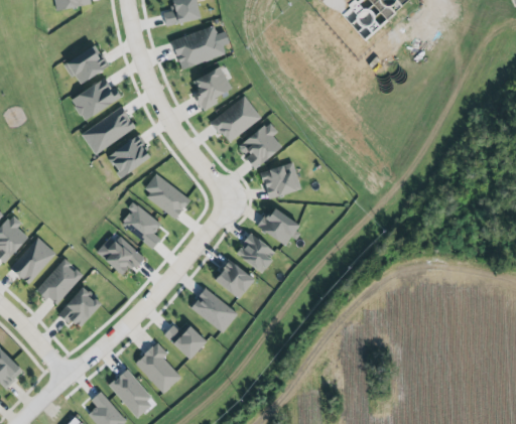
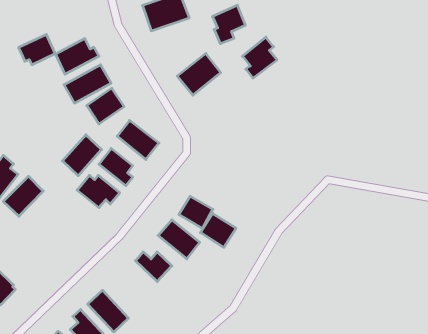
building: [63,46,106,82] -> [19,34,55,65]
building: [192,66,231,111] -> [212,5,245,44]
building: [242,121,282,168] -> [242,37,277,78]
building: [260,163,300,198] -> none
building: [258,207,302,245] -> none
building: [235,234,276,273] -> [200,213,236,247]
building: [37,259,83,306] -> [62,135,102,176]
building: [59,287,101,328] -> none
building: [135,342,181,394] -> none

